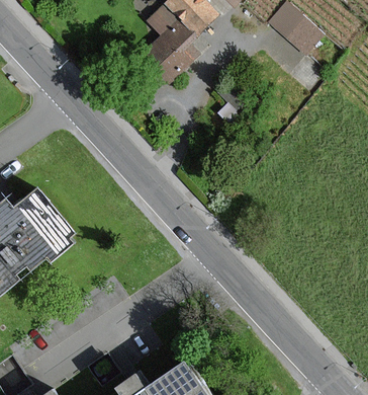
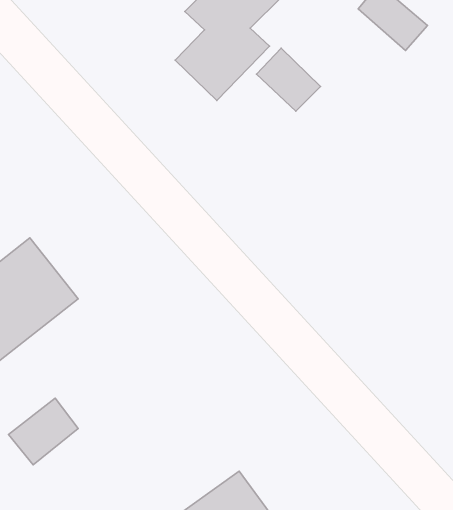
building: none -> [257,48,320,111]
building: none -> [9,398,78,465]

